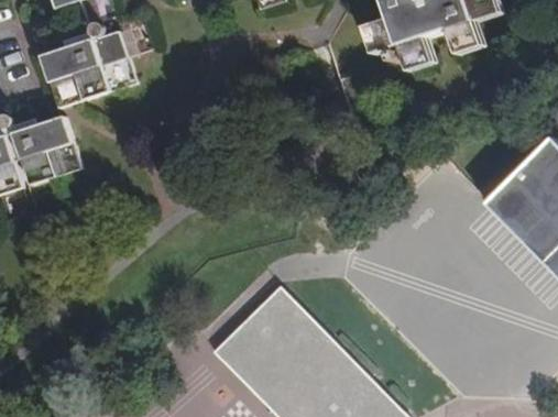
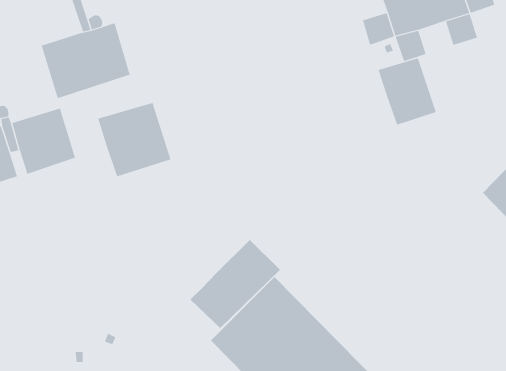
building: none -> [378,57,437,126]
building: none -> [98,102,171,177]
building: none -> [189,239,281,329]

